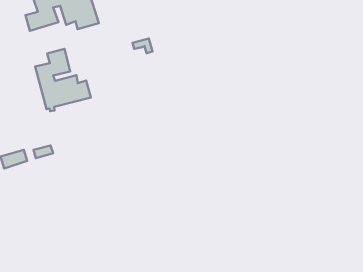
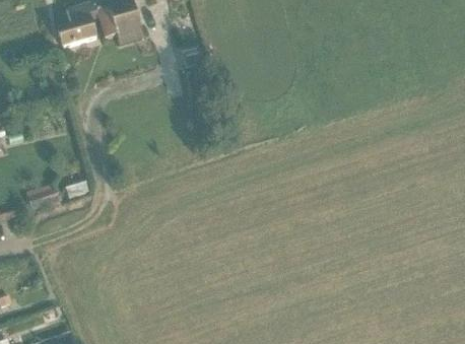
building: [35,49,91,111] -> none

